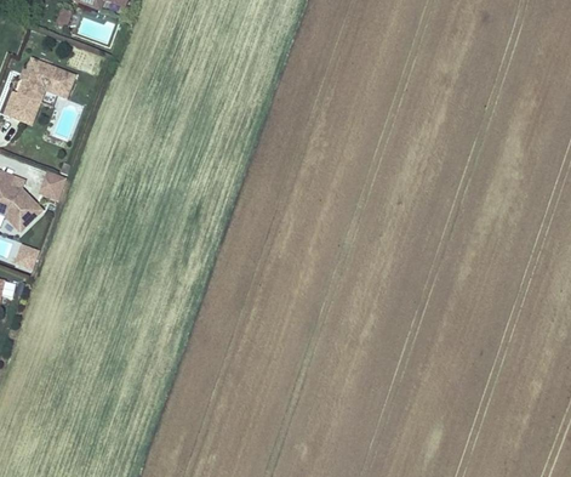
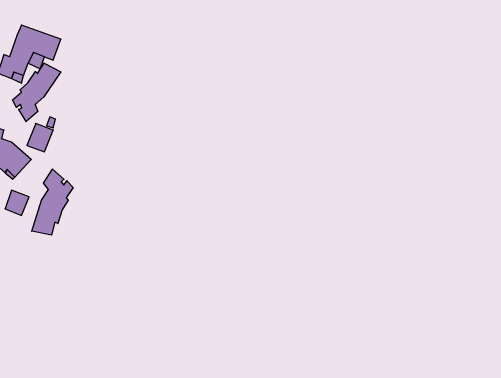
building: none -> [13,63,61,122]
building: none -> [32,169,73,235]

